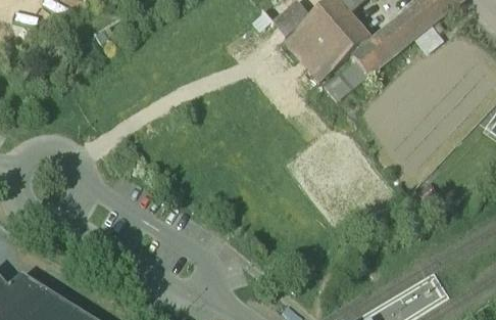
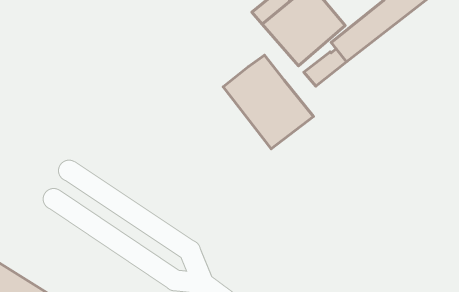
building: none -> [223,55,313,149]

